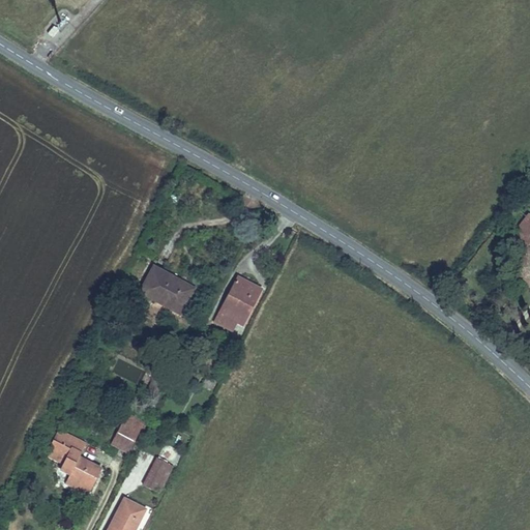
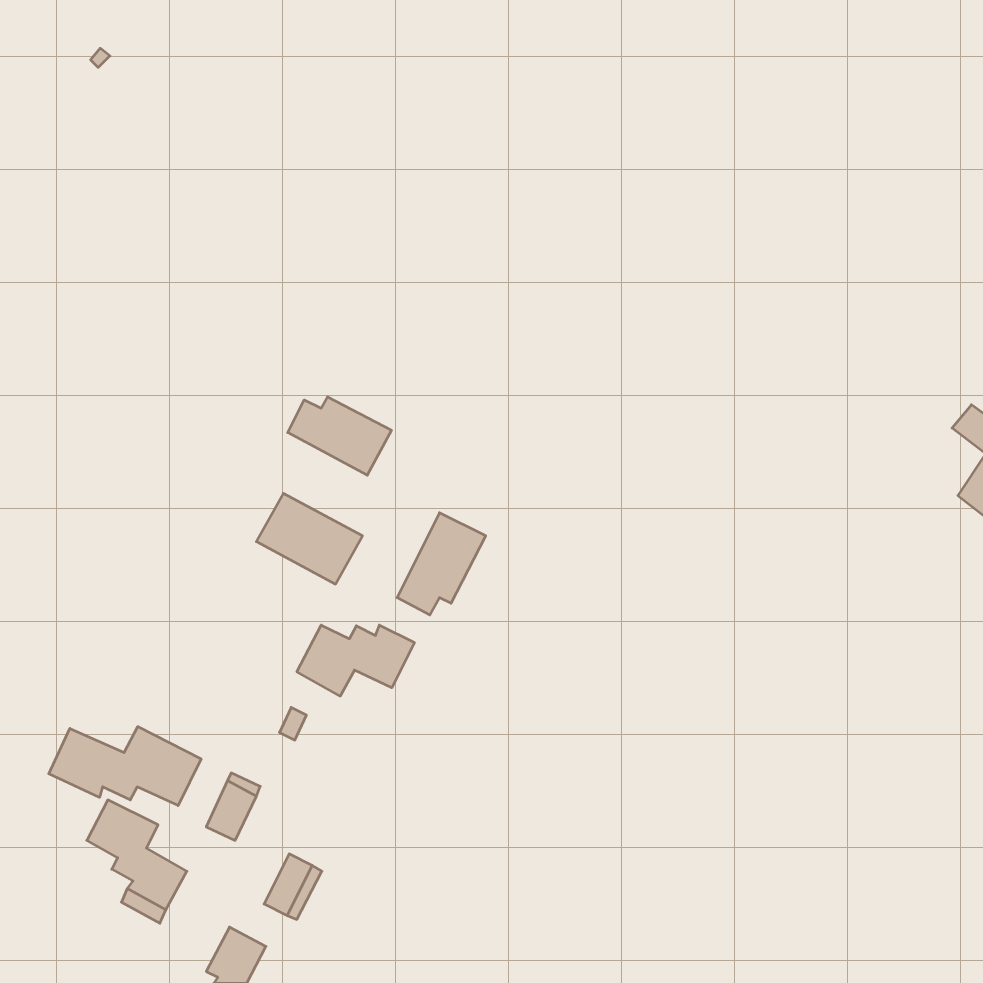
building: none -> [288,397,391,475]
building: none -> [297,625,414,696]
building: none -> [49,727,201,806]

